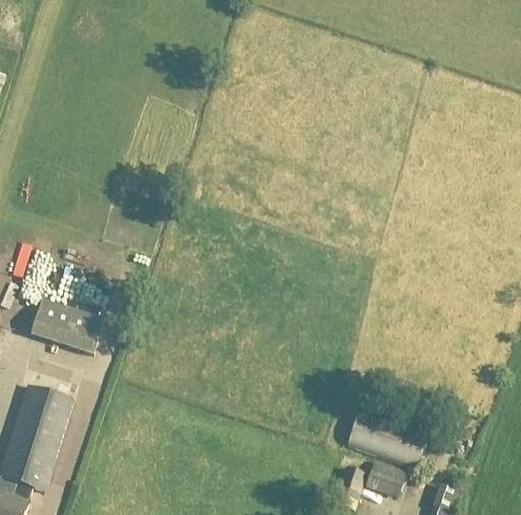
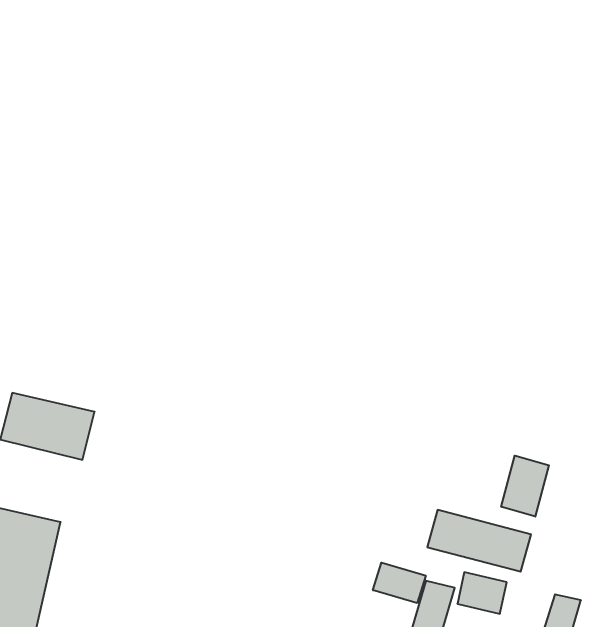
building: none -> [501,456,549,517]
building: none -> [373,563,426,603]

